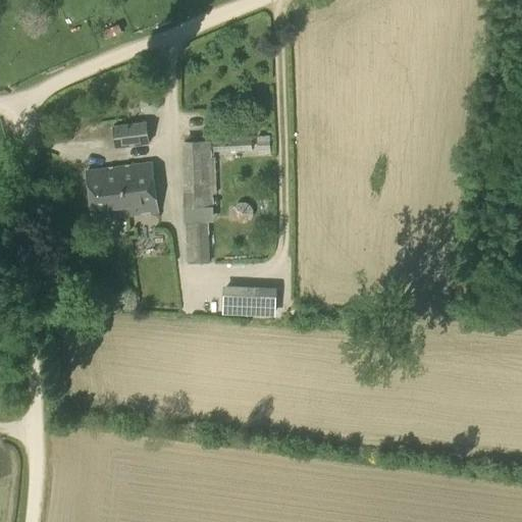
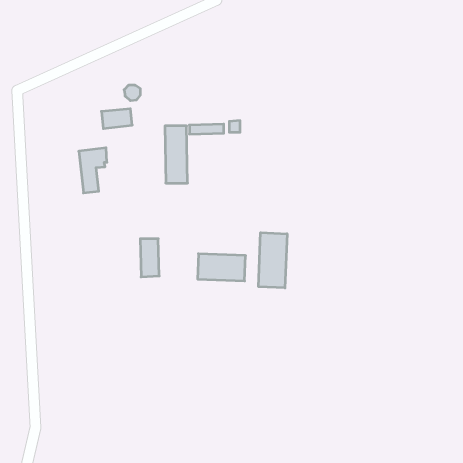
building: [108,162,157,215] -> none
building: [188,221,209,264] -> [140,239,159,277]
building: none -> [259,233,287,288]

